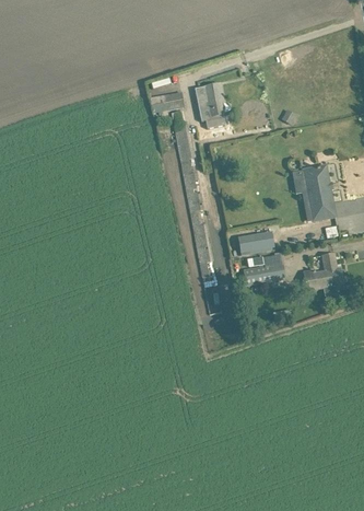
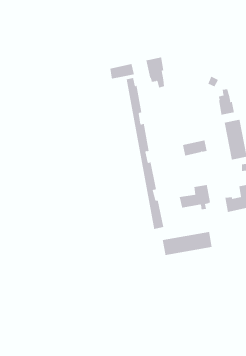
building: none -> [218,88,235,116]
building: [240,230,274,252] -> [182,140,207,156]
building: none -> [162,231,212,256]

